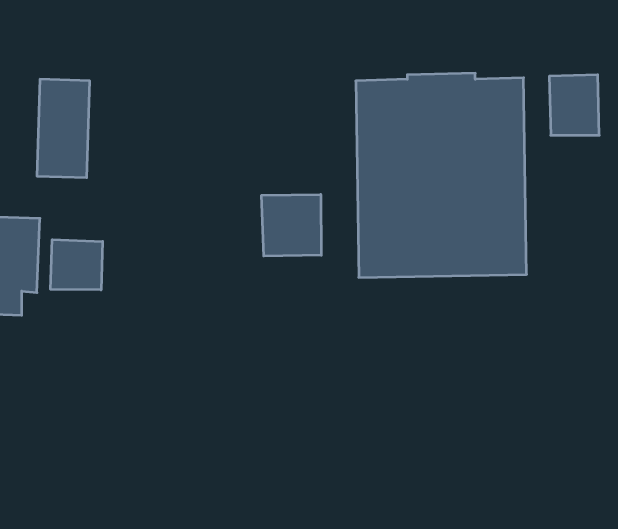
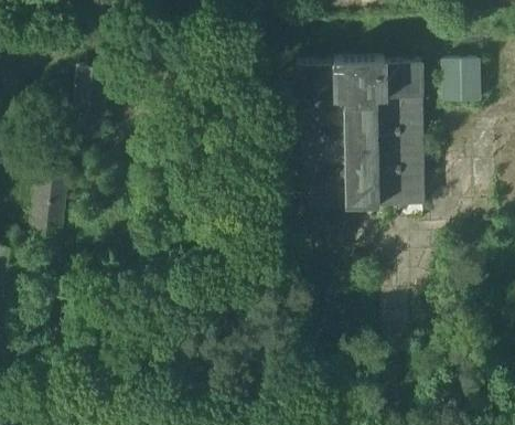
building: [262,194,321,256] -> none
building: [51,240,103,290] -> none

